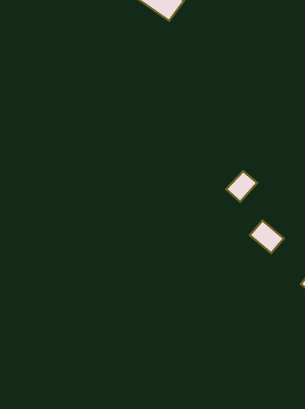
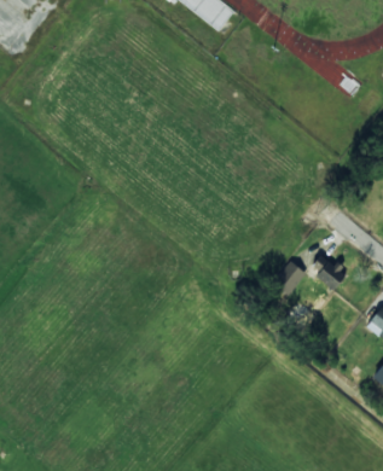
building: [226,171,257,202] -> [272,261,307,296]

